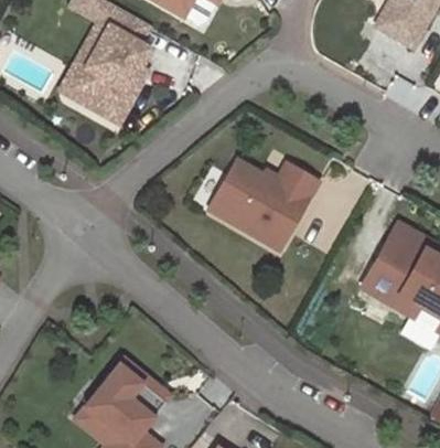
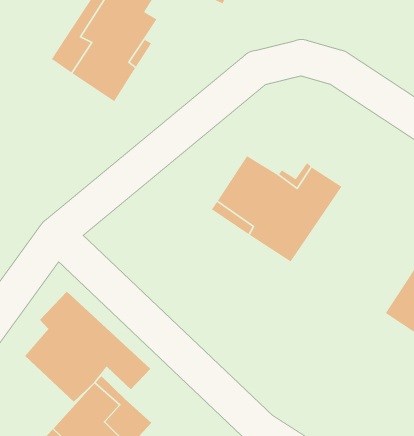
building: none -> [24,291,151,402]

